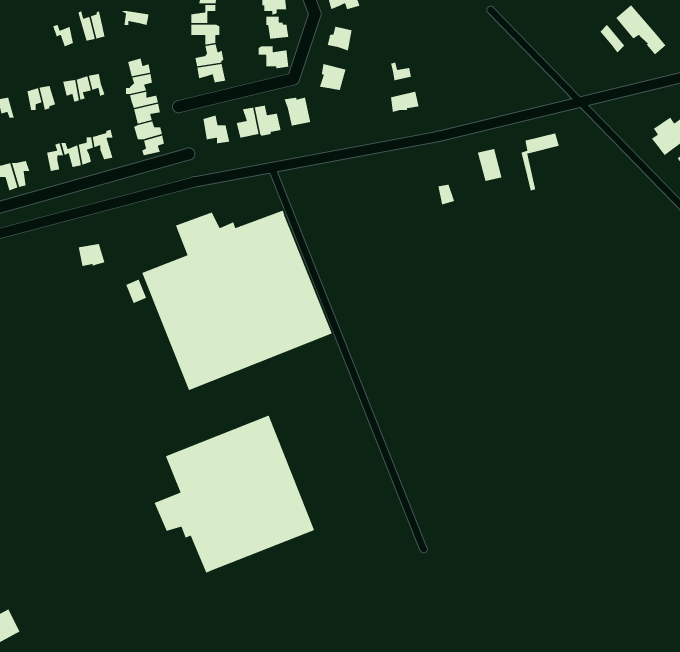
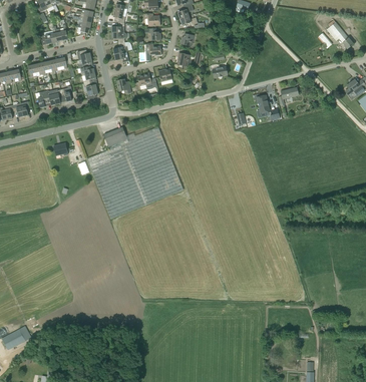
building: [153,415,315,574] -> none

